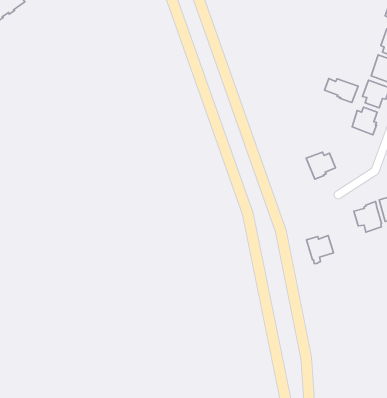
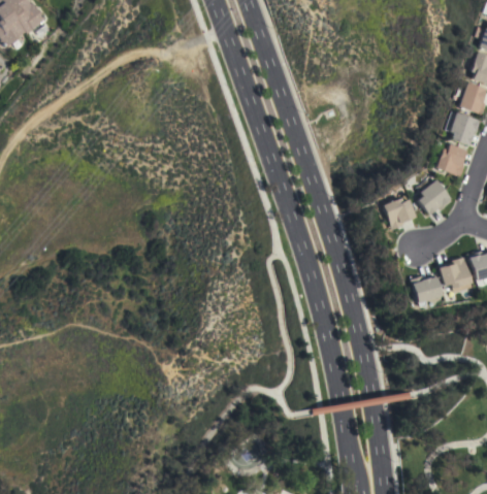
building: [325,79,358,102] -> none
building: none -> [418,179,453,216]
building: [306,236,333,263] -> [410,274,442,307]

